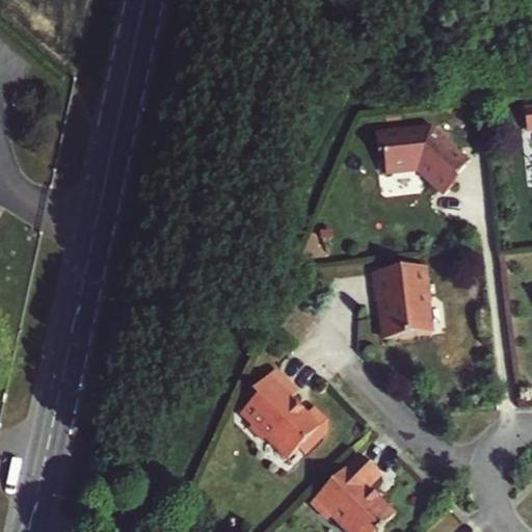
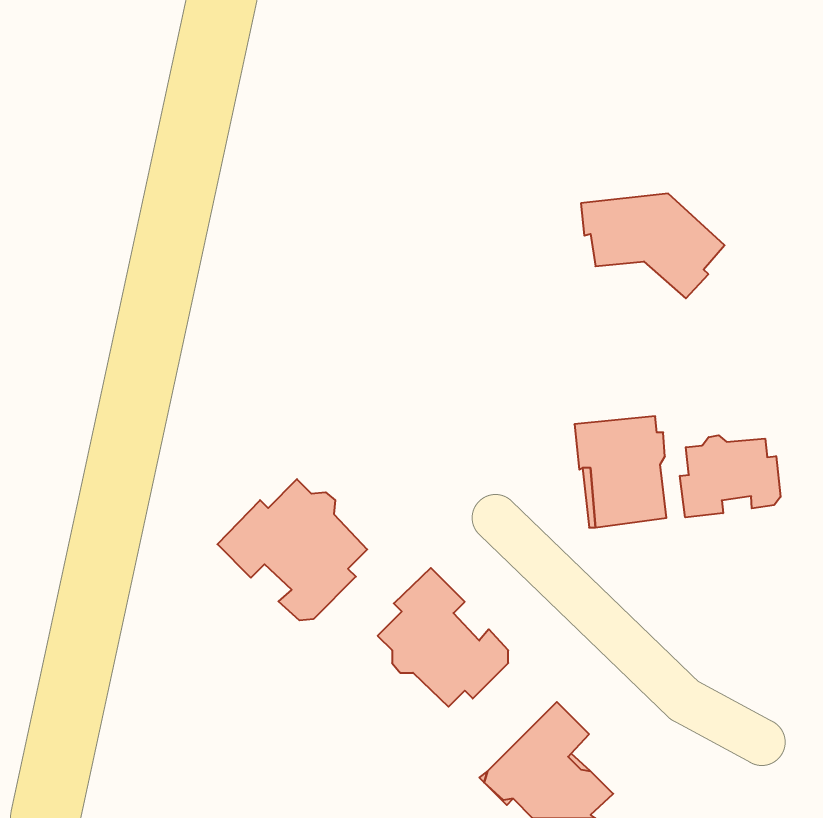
building: none -> [680,435,781,517]
building: none -> [217,479,367,620]

